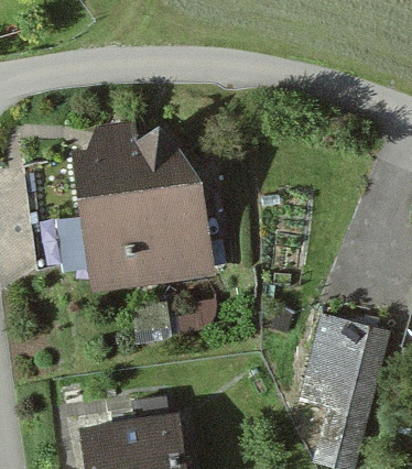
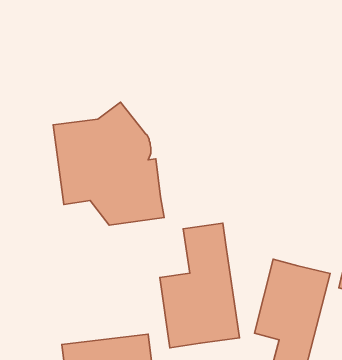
building: none -> [160,223,239,348]

